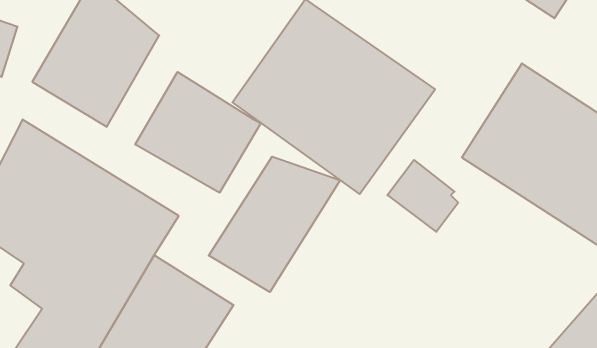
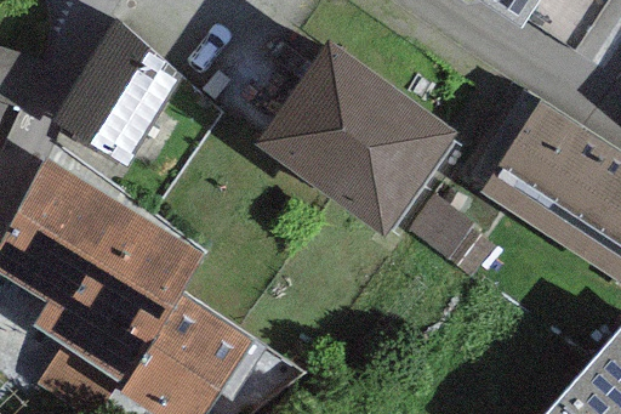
building: [135,72,261,193] -> none
building: [209,157,340,292] -> none

